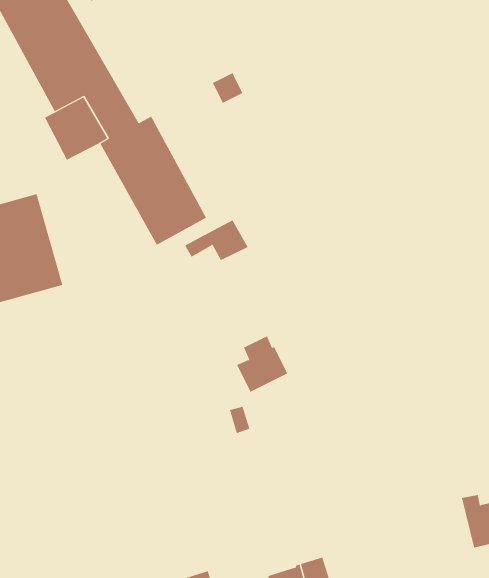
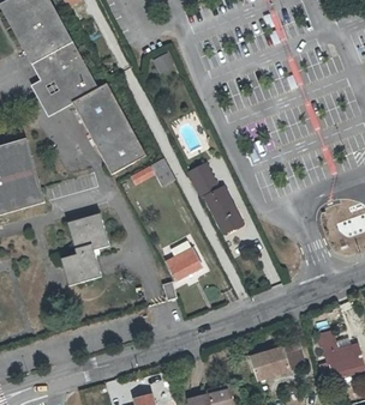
building: none -> [189,162,243,230]
building: none -> [61,214,106,285]
building: none -> [251,345,304,380]

